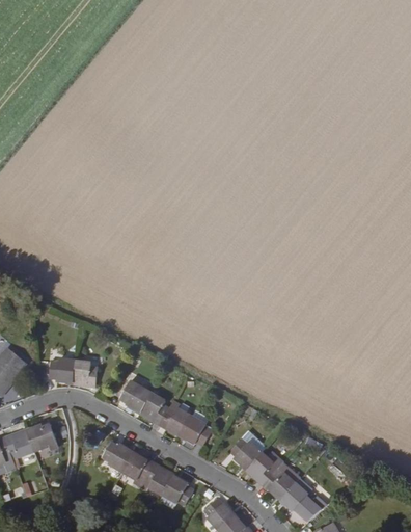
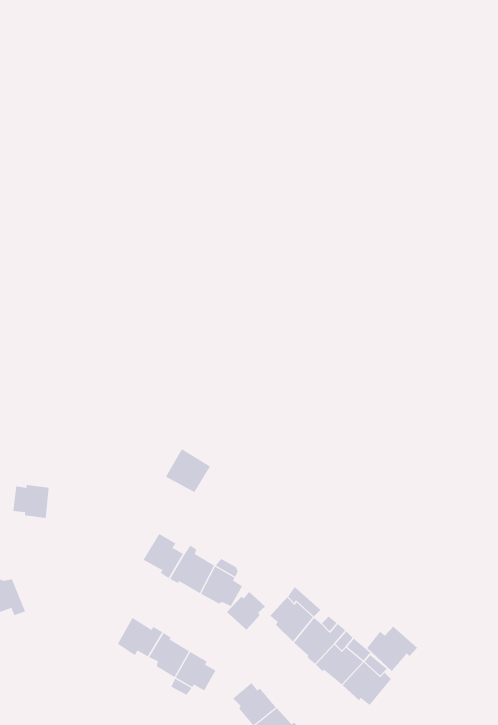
building: [73,361,99,387] -> none
building: [119,380,152,411] -> [165,449,211,493]
building: none -> [226,591,266,630]
building: [102,442,133,471] -> none
building: none -> [367,626,418,672]

